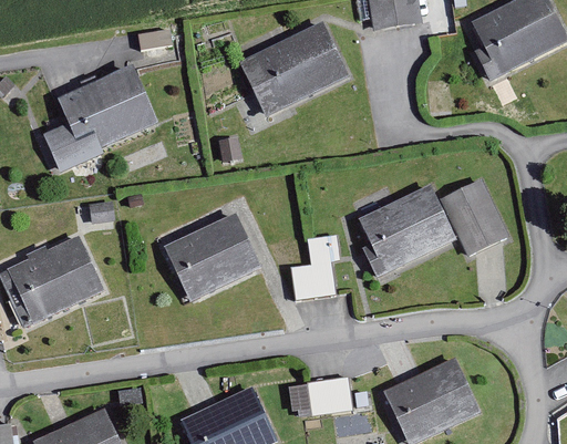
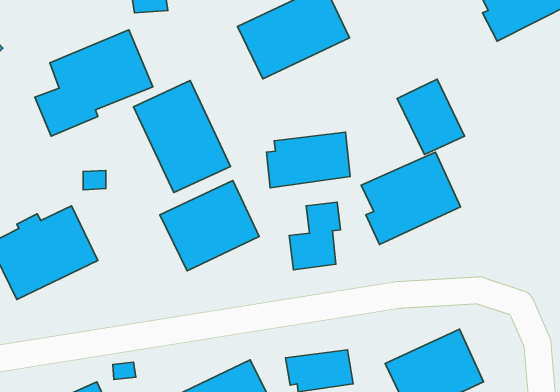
building: none -> [134,80,231,193]
building: none -> [266,132,350,188]
building: [442,180,507,254] -> [397,79,465,155]

